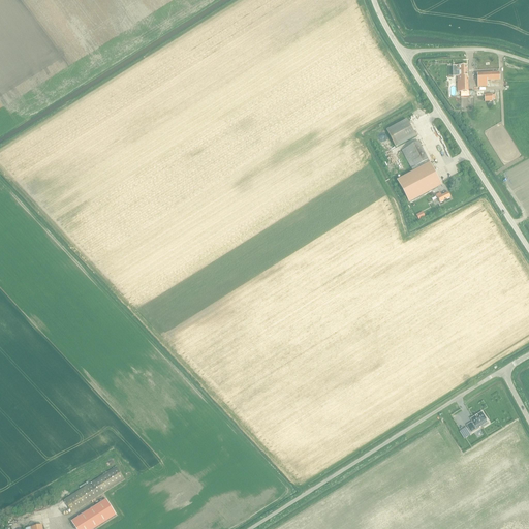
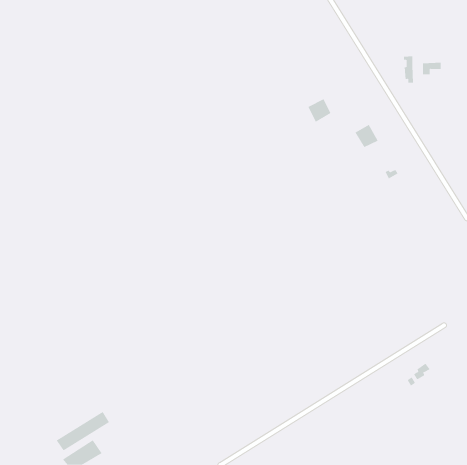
building: [387,119,414,146] -> [307,99,331,122]
building: [398,161,442,201] -> none

